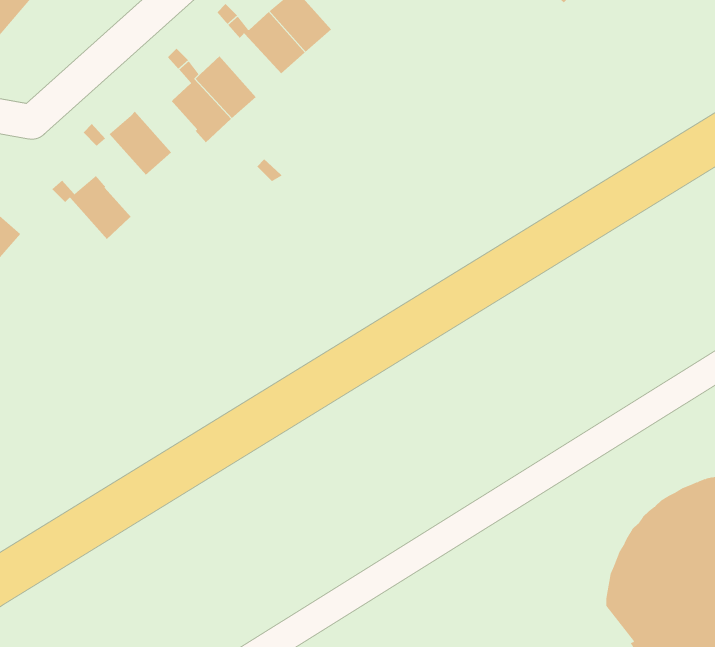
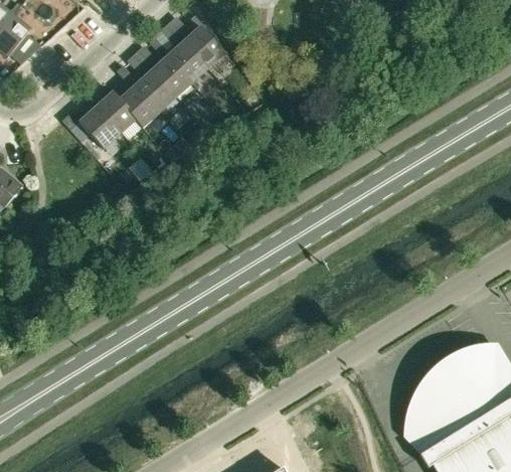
building: none -> [151,55,191,97]
building: [51,175,131,240] -> [83,91,136,133]

